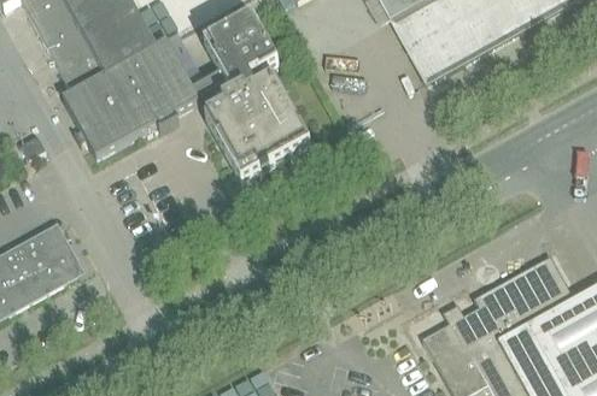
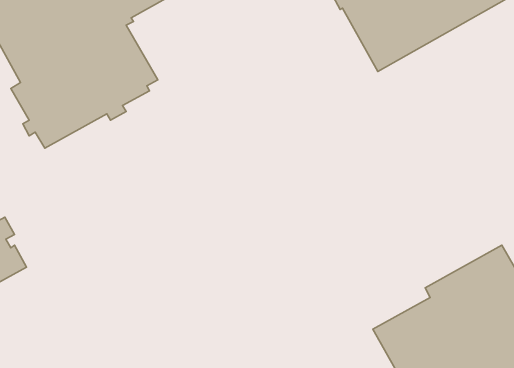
building: [205,14,311,181] -> none

